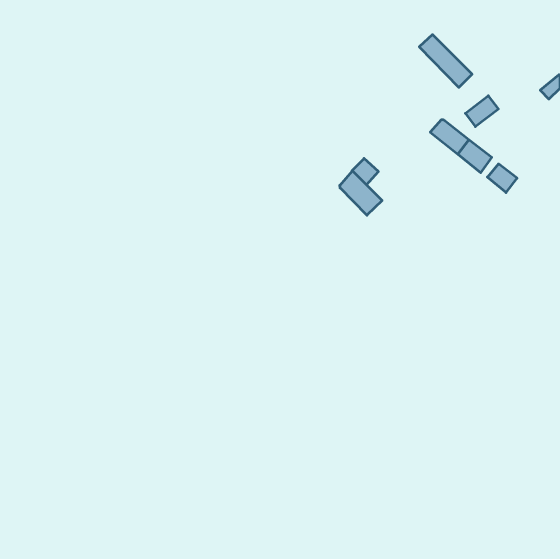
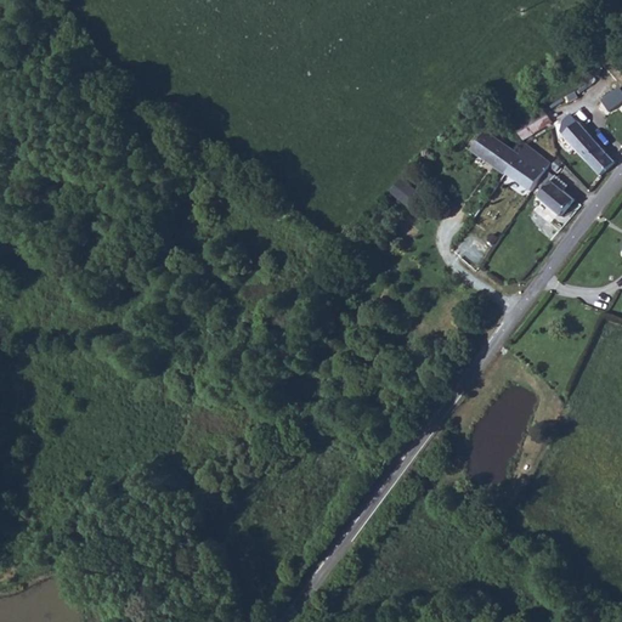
building: [419,35,472,87] -> [554,115,612,174]
building: [340,171,382,215] -> none

